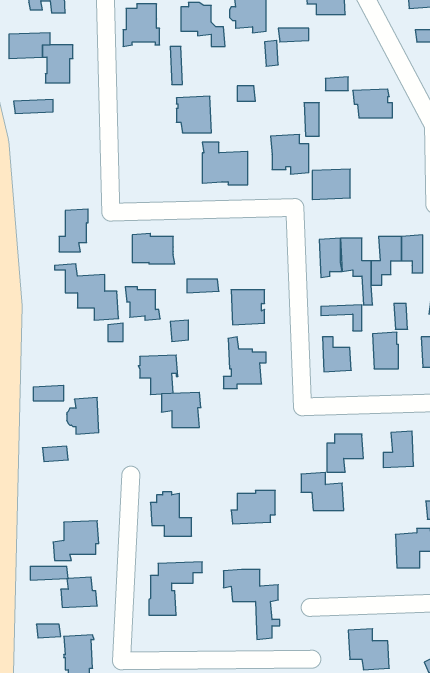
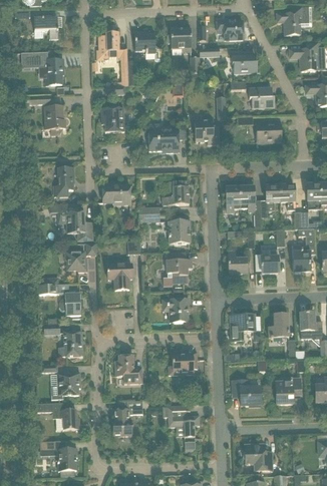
building: none -> [231,53,257,72]
building: [176,96,211,133] -> [101,106,124,130]
building: none -> [44,104,65,134]
building: [312,169,350,200] -> [256,121,281,141]
building: none -> [162,179,189,203]
building: [125,287,160,320] -> [64,249,87,271]
building: [161,392,201,427] -> [162,298,189,321]
building: none -> [63,331,82,356]
building: [301,472,344,510] -> [233,379,261,404]

